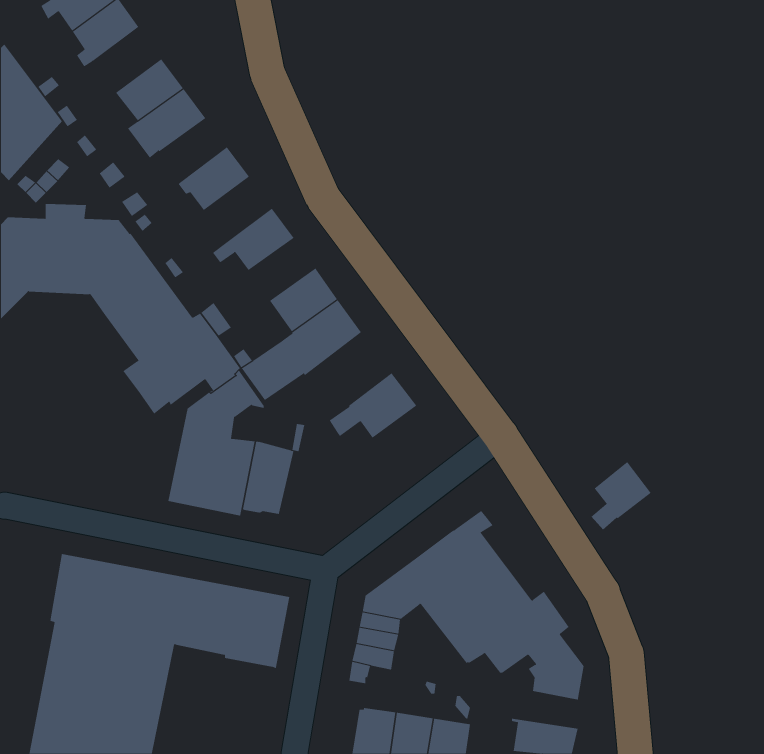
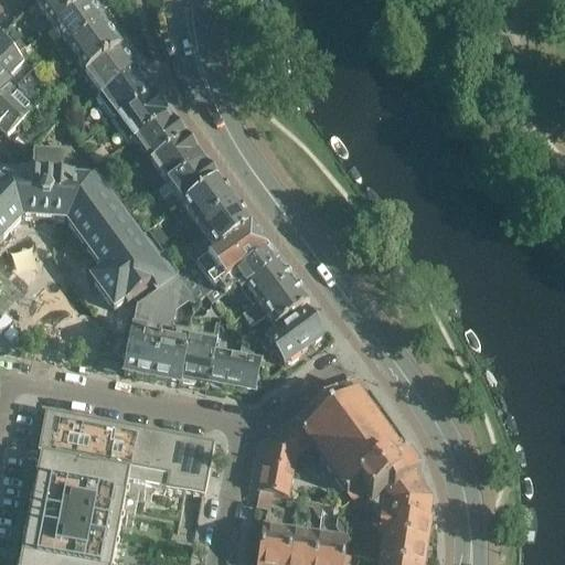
building: none -> [62,20,119,68]
building: none -> [110,87,168,147]
building: none -> [150,130,201,179]
building: none -> [183,175,233,222]
building: none -> [218,245,289,299]
building: none -> [259,308,323,361]
building: [591,461,652,530] -> none
building: none -> [206,344,258,388]
building: none -> [377,509,429,537]

